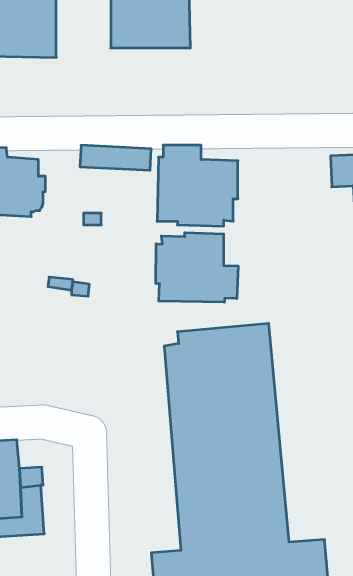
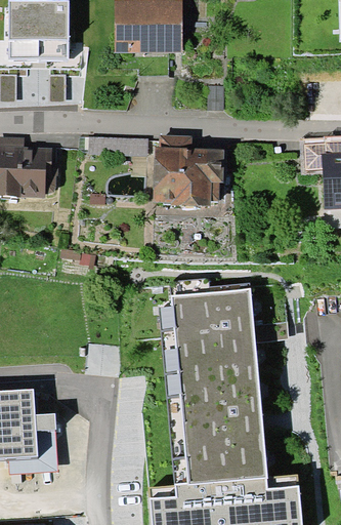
building: [156,233,238,302] -> none

